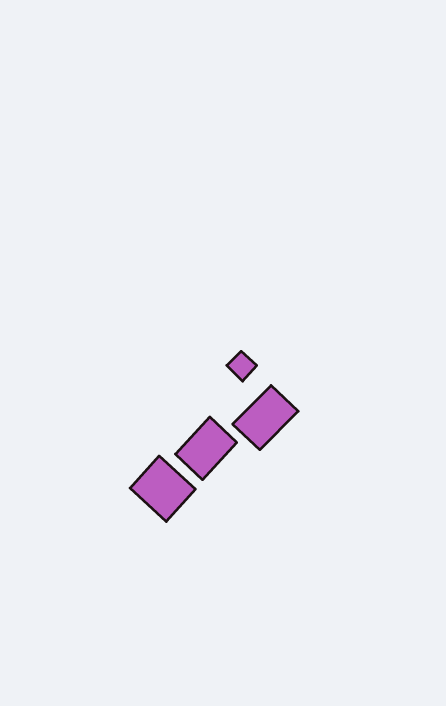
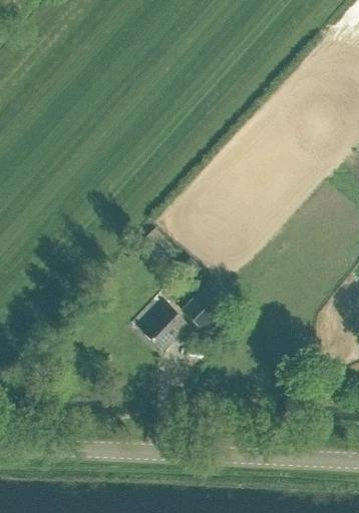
building: [130,456,195,522] -> none

